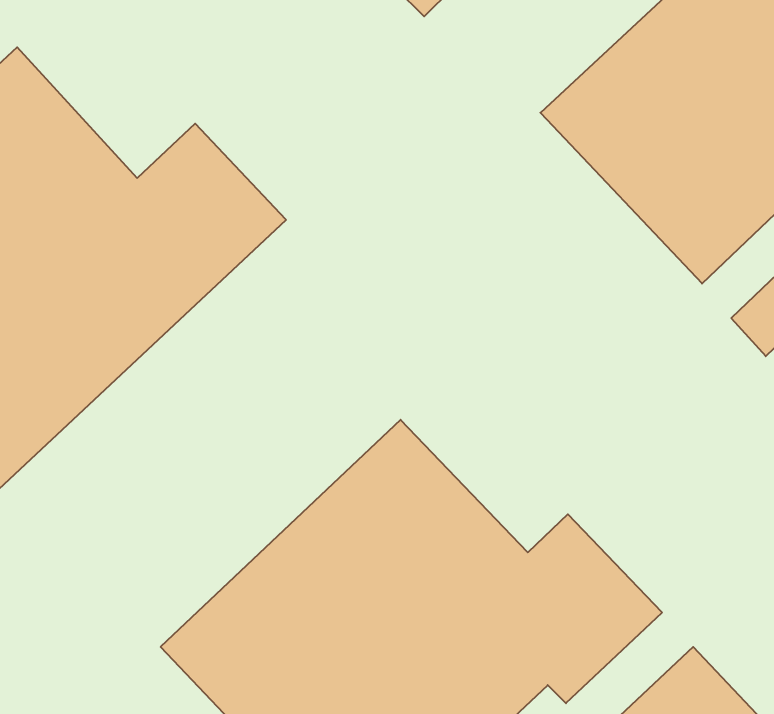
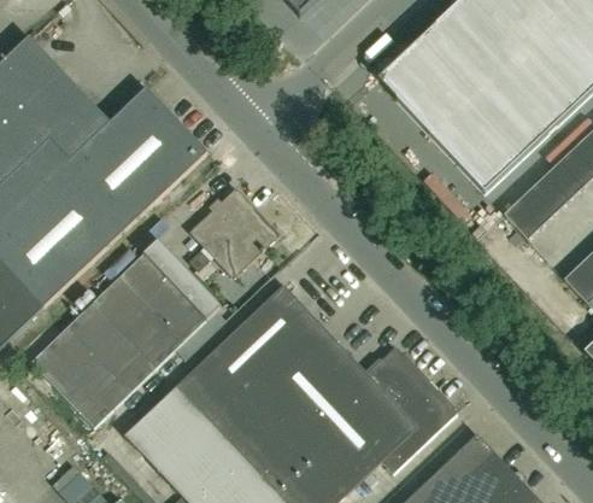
building: none -> [192,189,280,265]
building: none -> [30,238,221,426]

